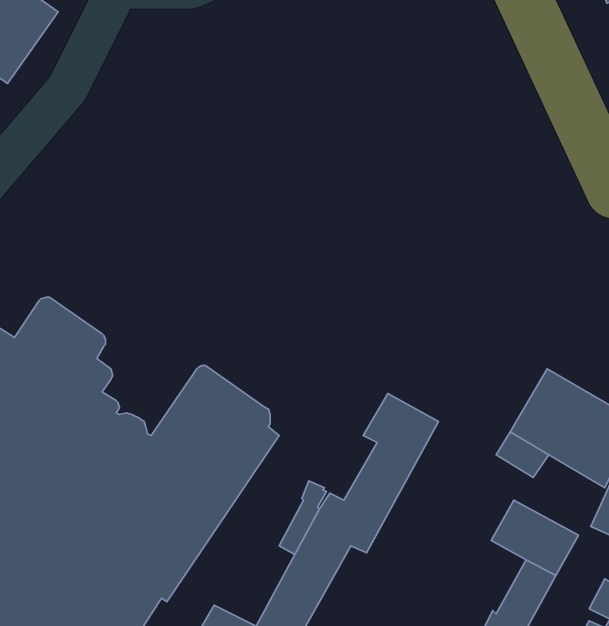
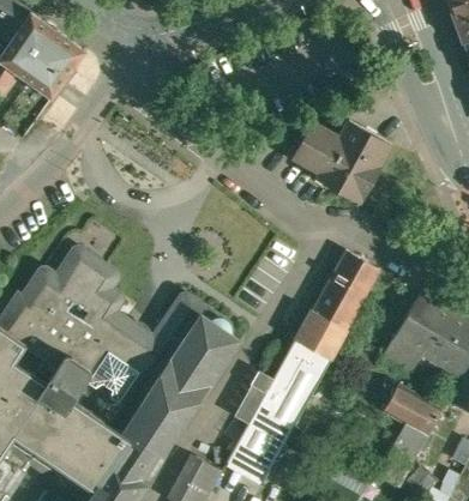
building: none -> [291,121,390,204]
building: none -> [312,251,379,331]

